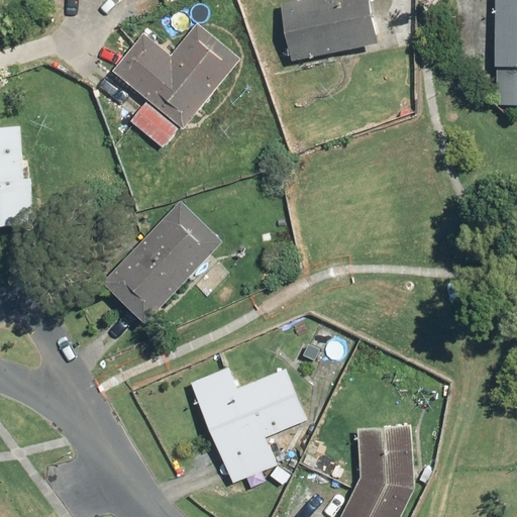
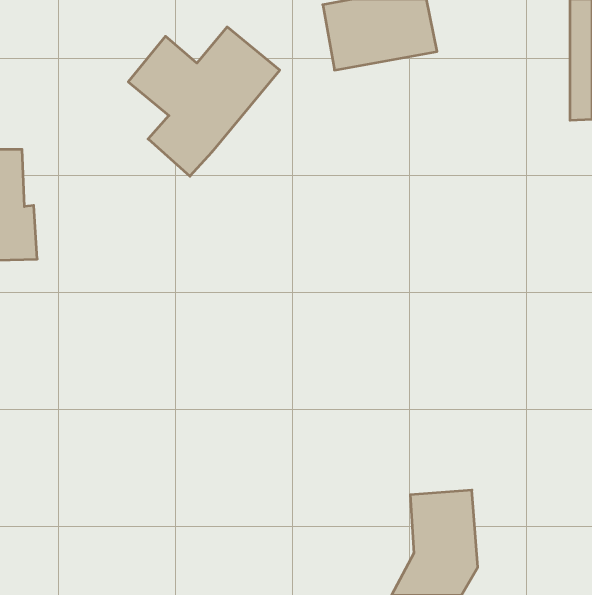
building: [103,200,223,324] -> none
building: [190,368,308,483] -> none

